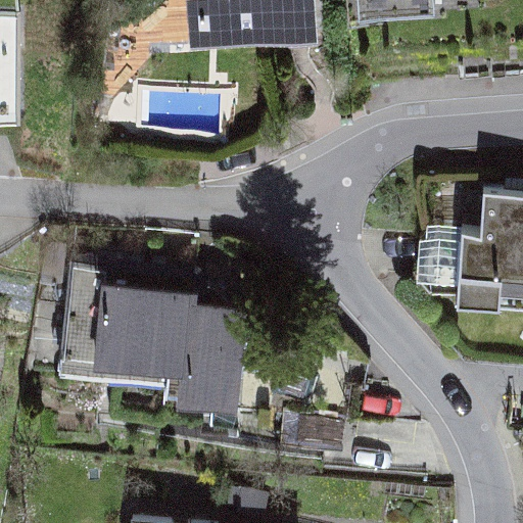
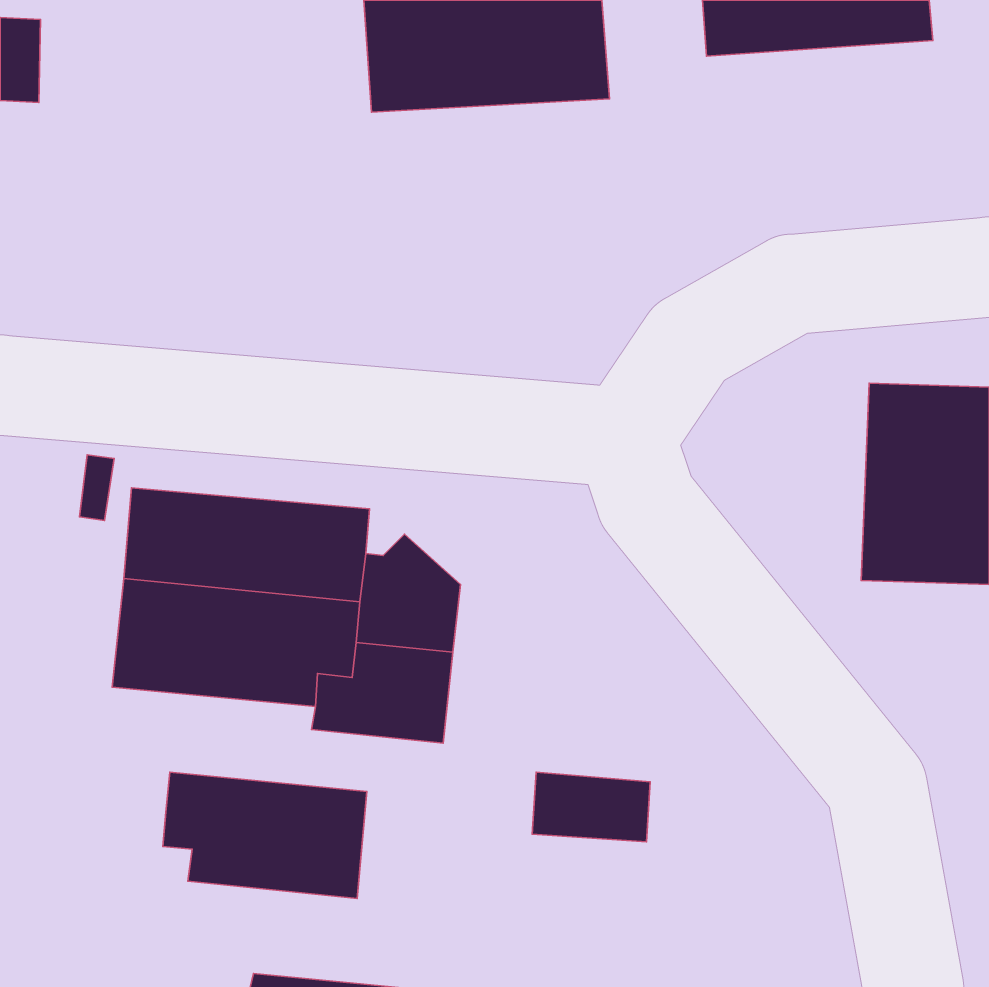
building: none -> [163,772,367,899]

